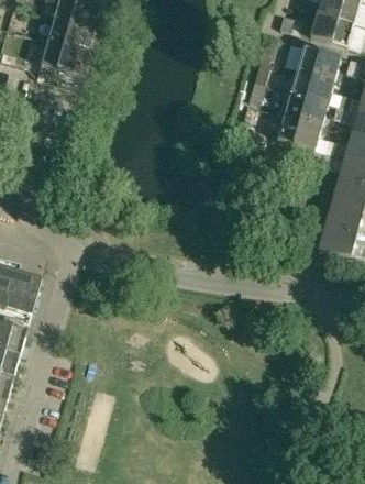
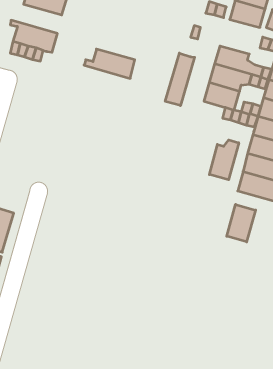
building: [38,16,101,53] -> [84,49,135,78]
building: [297,44,340,78] -> none
building: none -> [165,53,195,106]
building: none -> [209,140,239,180]
building: none -> [227,204,256,242]

